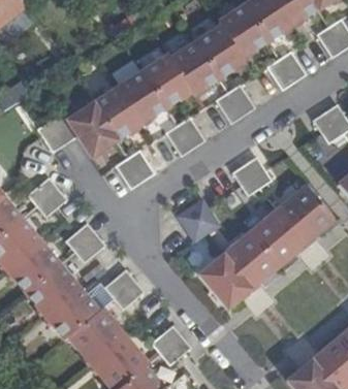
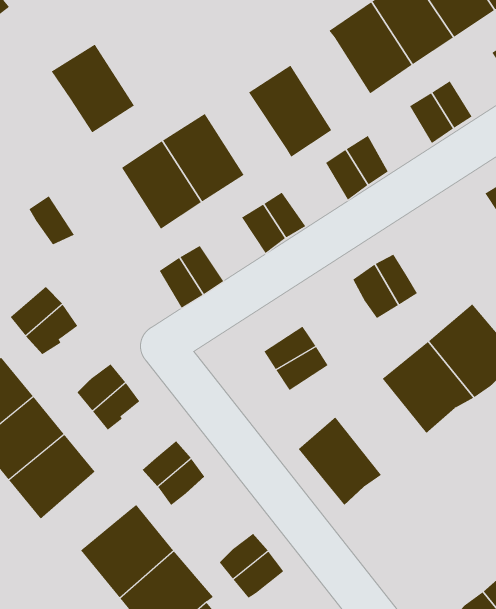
building: [195,26,246,82] -> none
building: [144,56,192,108] -> none
building: [66,104,117,158] -> [51,44,135,133]
building: [222,231,277,289] -> none
building: [44,287,97,338] -> none

